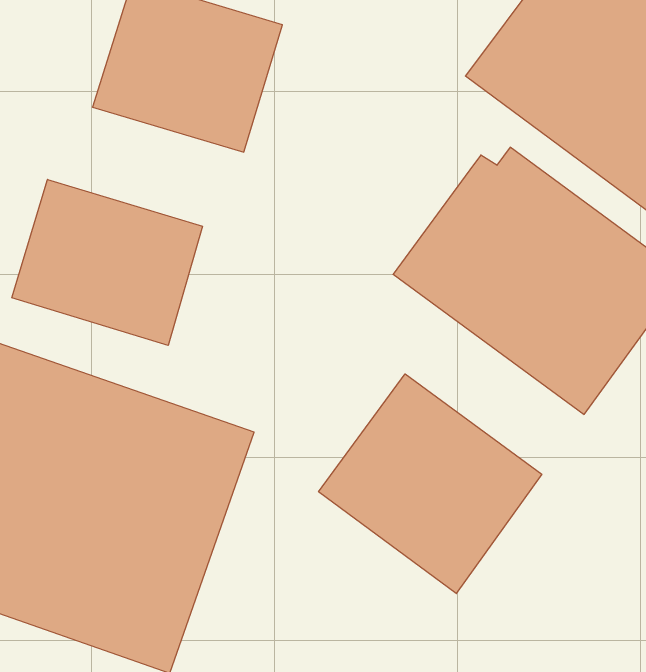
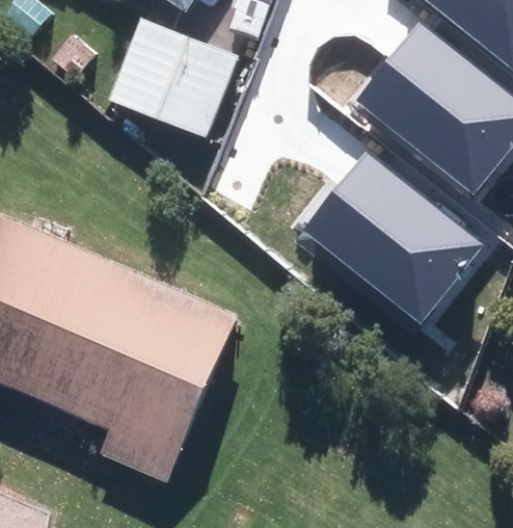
building: [12,179,202,345] -> none
building: [319,374,542,594] -> none

